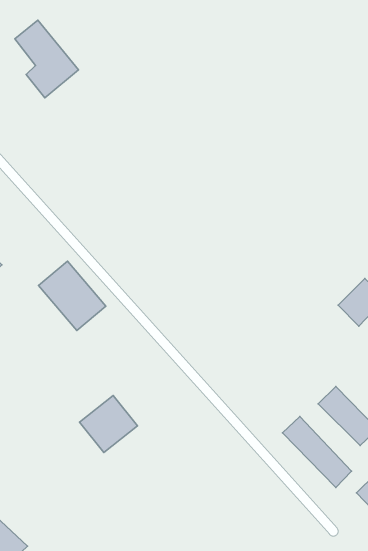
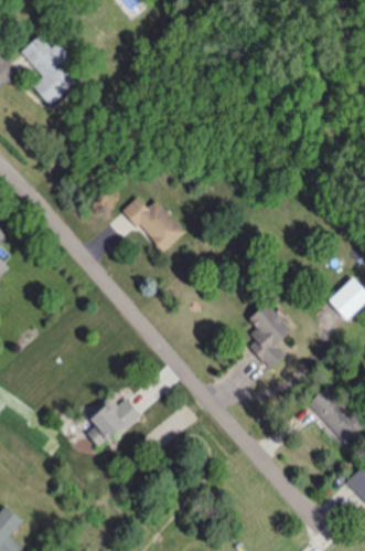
building: [39,261,106,331] -> [122,190,186,256]
building: none -> [236,303,296,364]
building: [282,417,352,488] -> none

